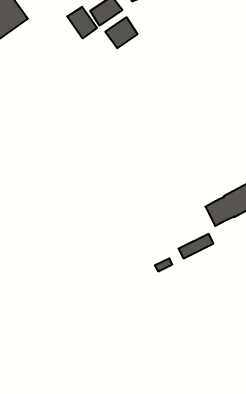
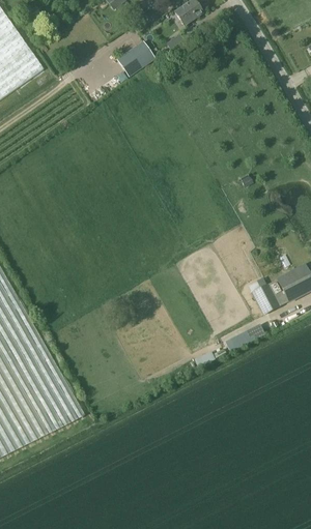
building: [67,7,97,38] -> none
building: [105,17,137,48] -> none

